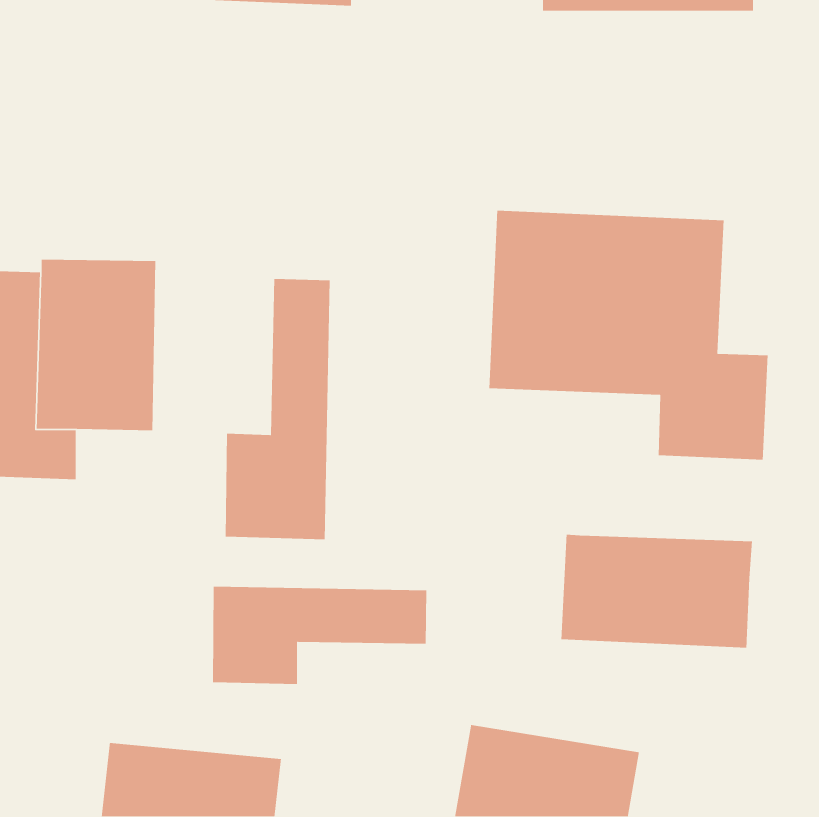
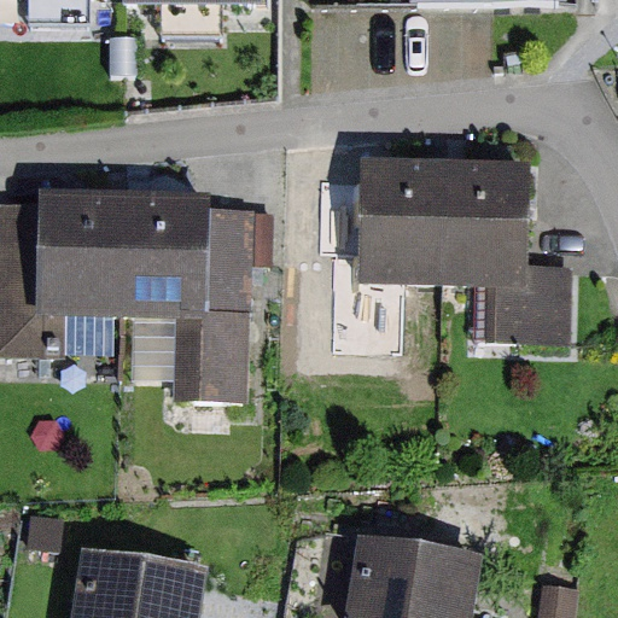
building: none -> [113,193,203,322]
building: [561,534,753,648] -> none
building: [212,586,427,685] -> none

